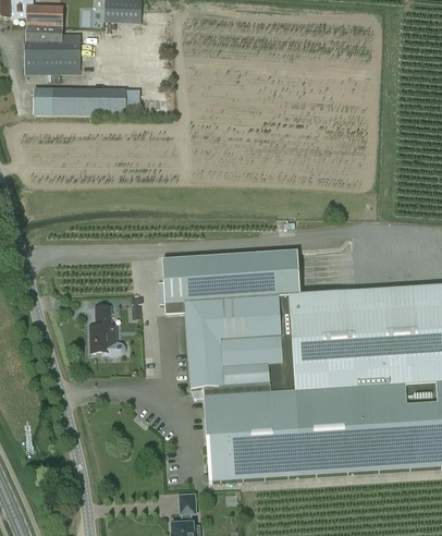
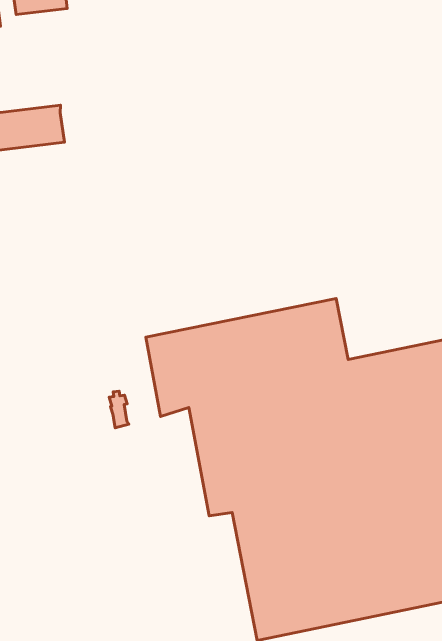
building: [89,302,121,352] -> none

